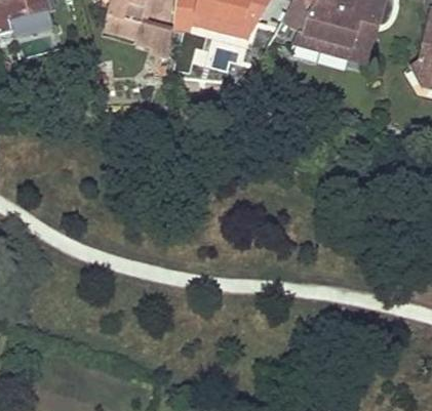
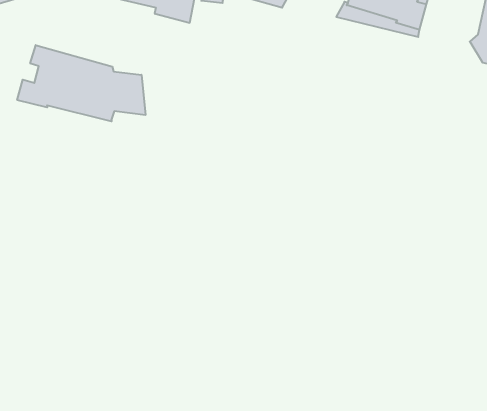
building: none -> [17,45,145,121]

